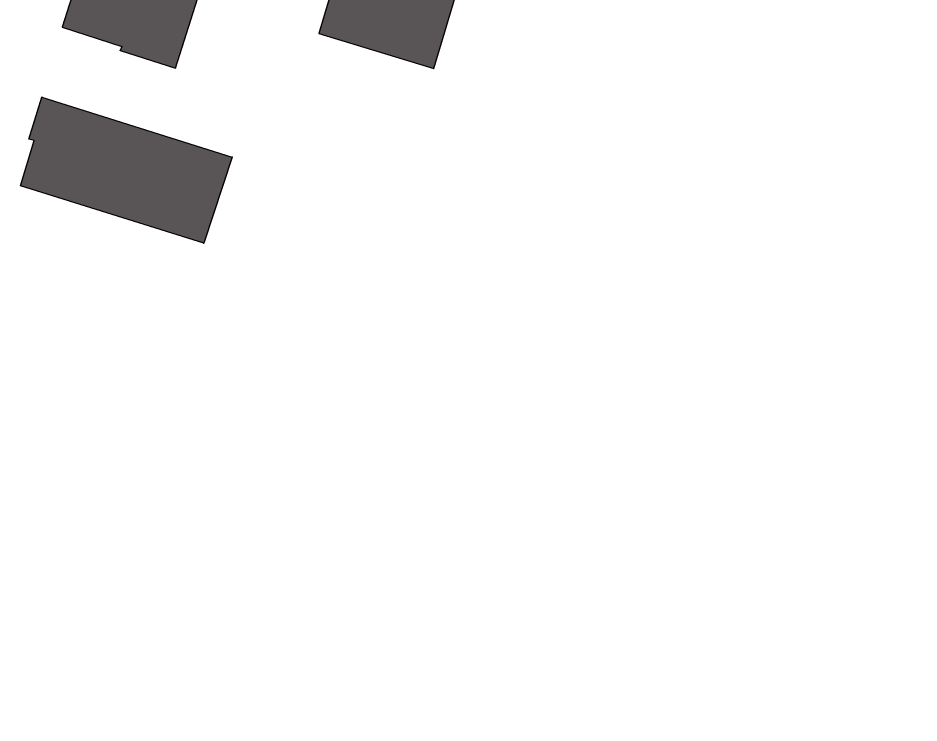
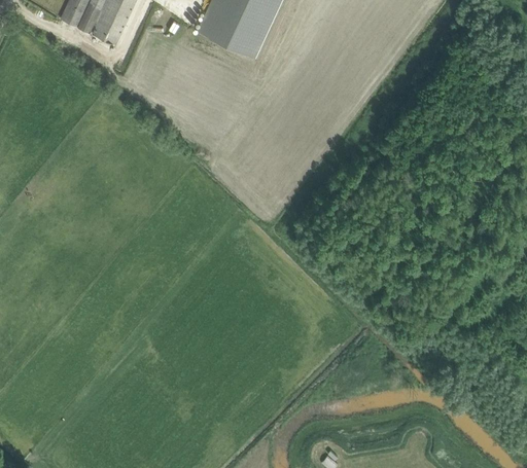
building: [21,97,232,243] -> none

